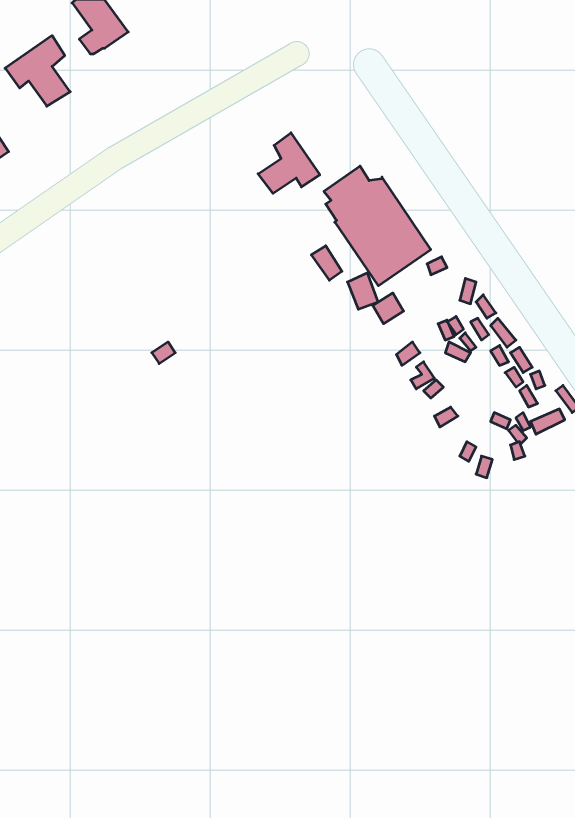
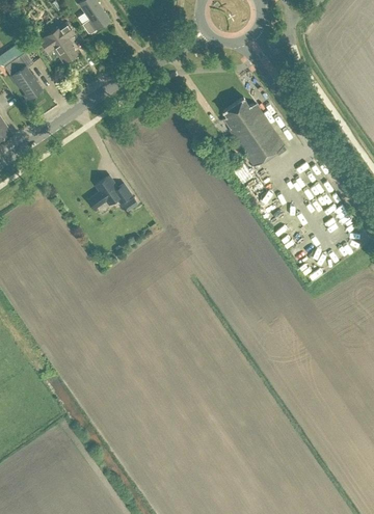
building: [258,133,320,193] -> none
building: none -> [88,175,132,212]

